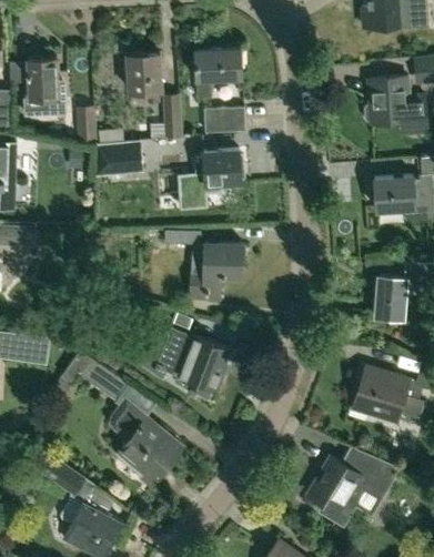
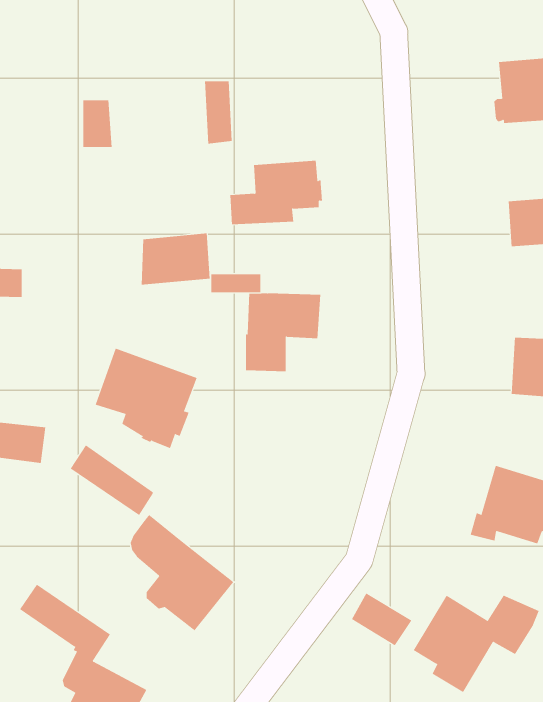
building: [195,49,243,97] -> none
building: [129,52,162,102] -> none
building: [26,58,65,114] -> none
building: [204,107,245,133] -> none
building: [95,140,144,176] -> [141,233,211,285]
building: [157,328,229,399] -> [95,348,197,449]
building: none -> [351,593,412,646]

